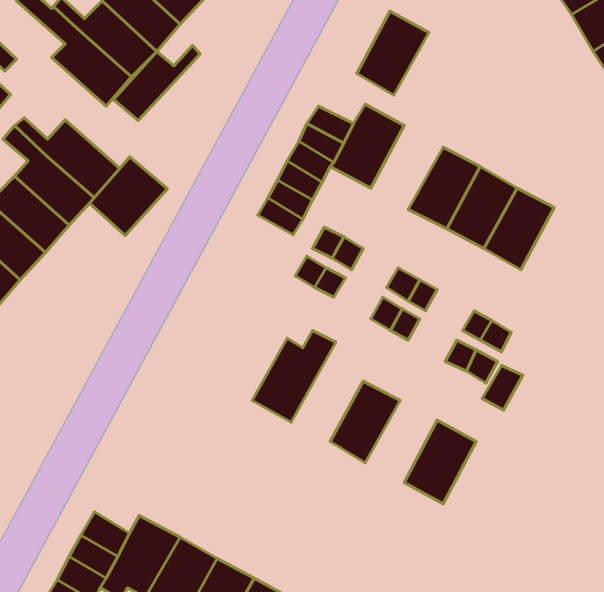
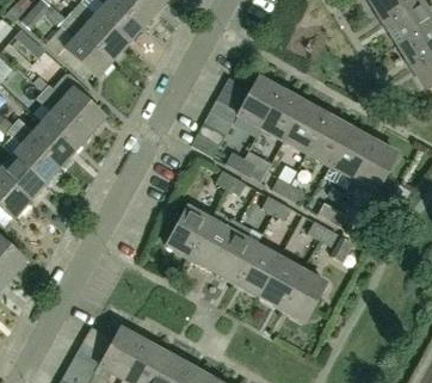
building: [357,11,429,95] -> [261,89,306,141]
building: [113,46,200,120] -> none
building: [90,157,167,236] -> none
building: none -> [353,140,397,191]
building: none -> [165,199,210,258]
building: none -> [212,222,257,283]
building: none -> [258,258,302,308]

